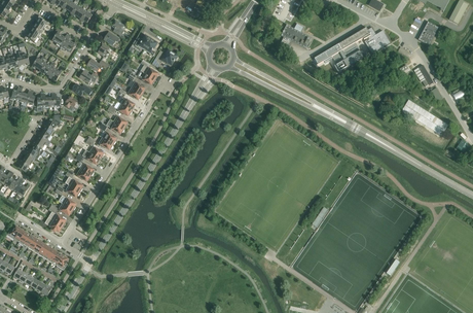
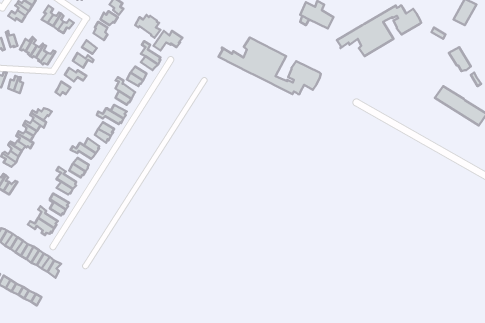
building: none -> [219,38,321,94]

